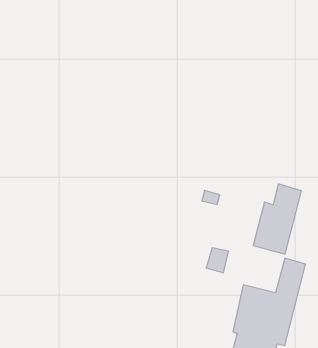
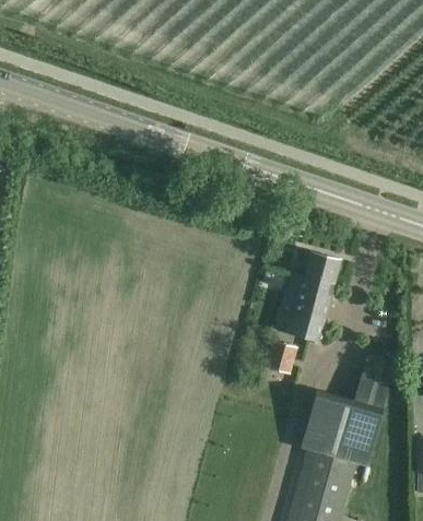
building: [253,184,302,254] -> [278,253,339,342]

